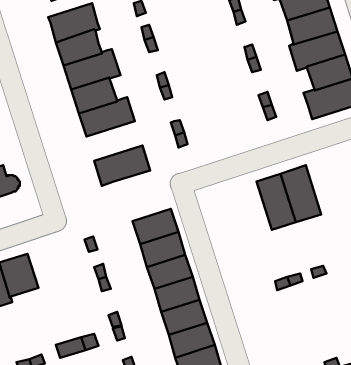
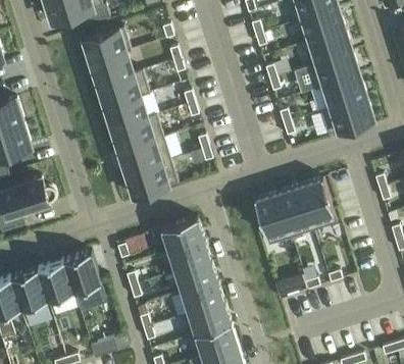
building: none -> [118,137,170,173]
building: none -> [254,193,291,245]
building: none -> [63,252,105,307]

